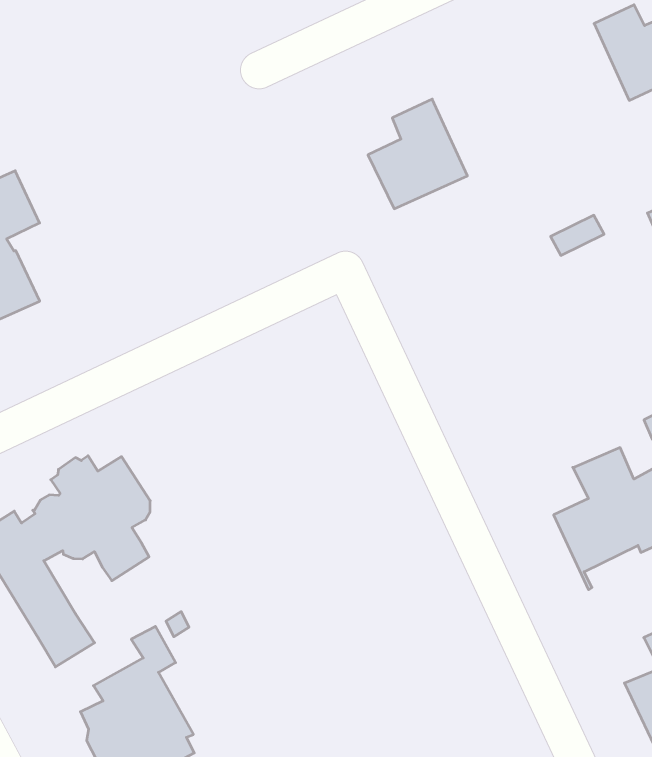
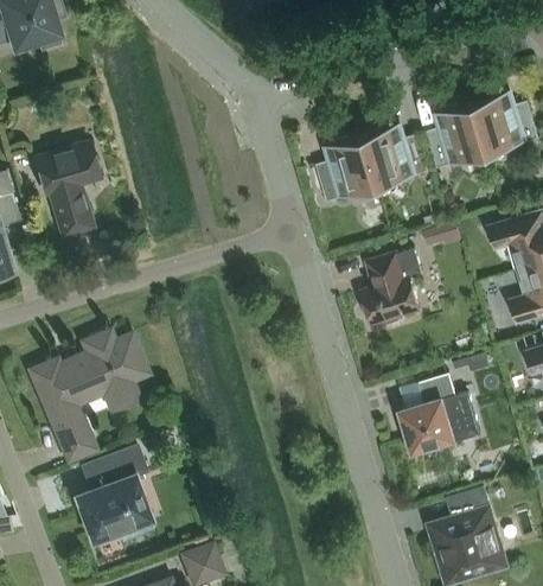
building: none -> [424,101,486,167]
building: none -> [360,126,427,186]
building: none -> [359,248,421,325]

